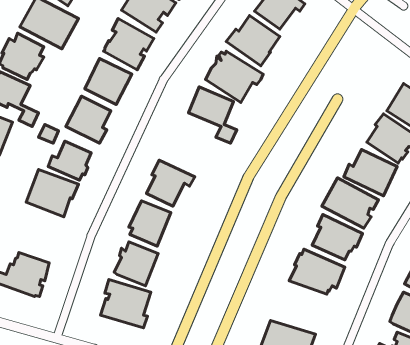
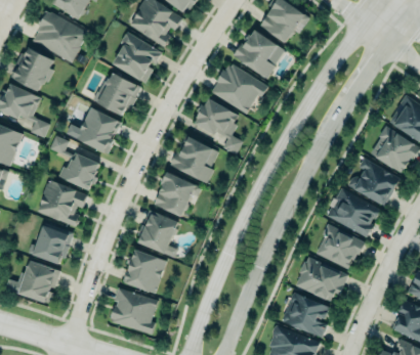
building: none -> [170,136,218,183]
building: none -> [27,221,75,265]
building: none -> [282,293,331,339]

